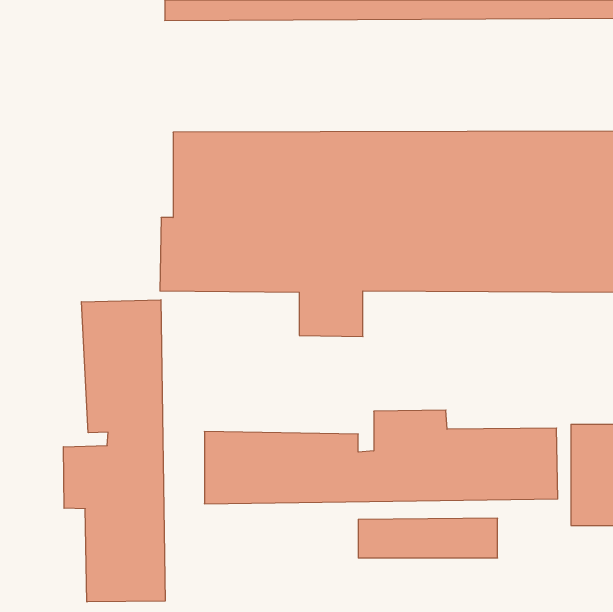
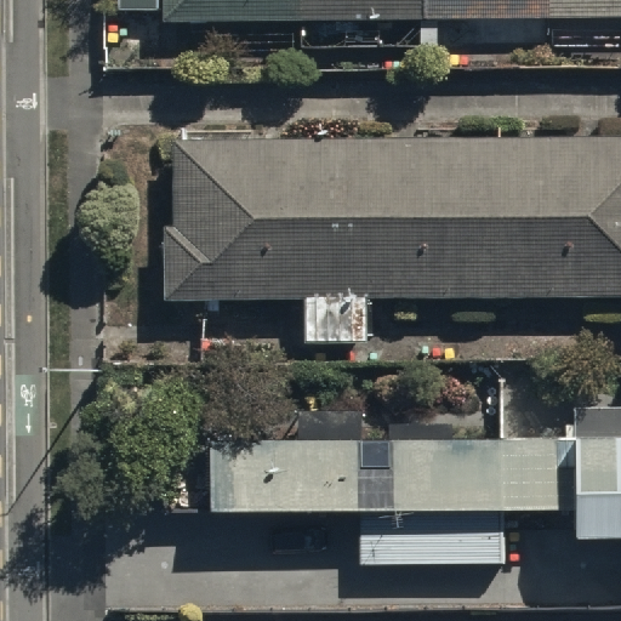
building: [63,300,165,602] -> none

